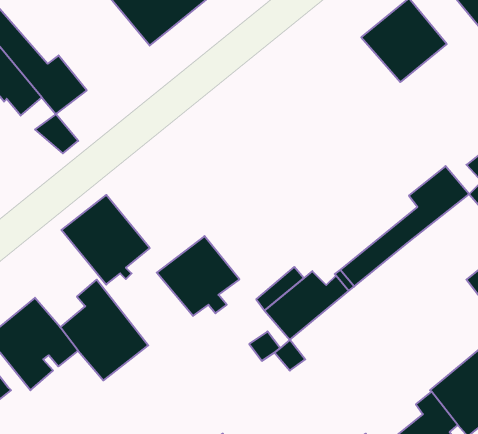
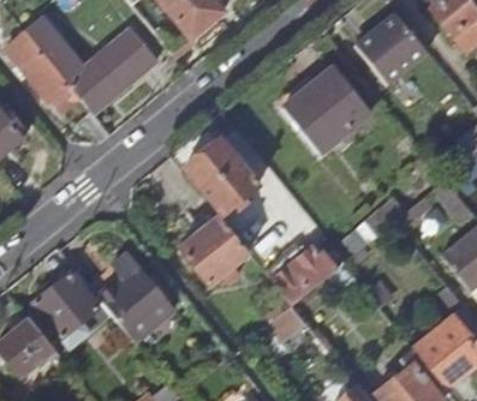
building: none -> [95,31,157,91]
building: none -> [282,66,371,154]
building: [61,195,150,285] -> [183,138,258,215]

